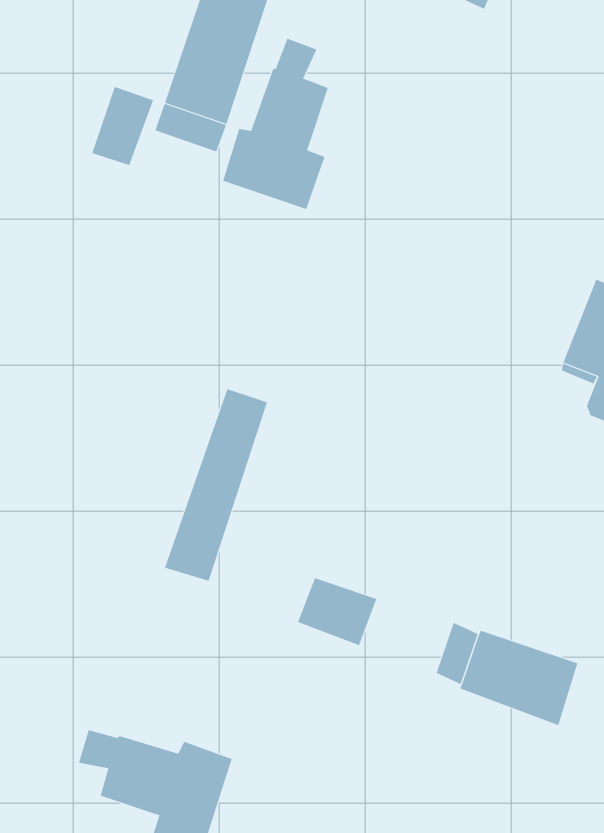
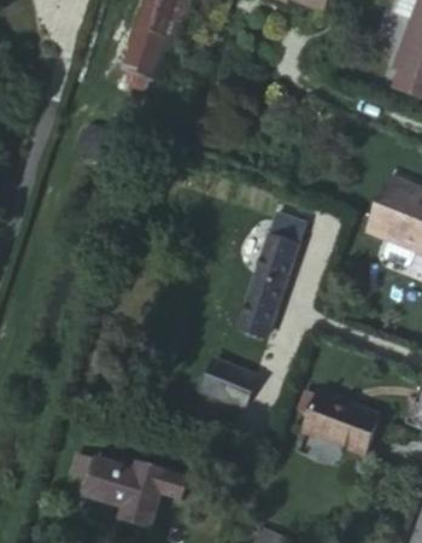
building: [222,38,328,210] -> none
building: [91,86,154,166] -> none
building: [164,388,268,582] -> [240,214,304,333]

